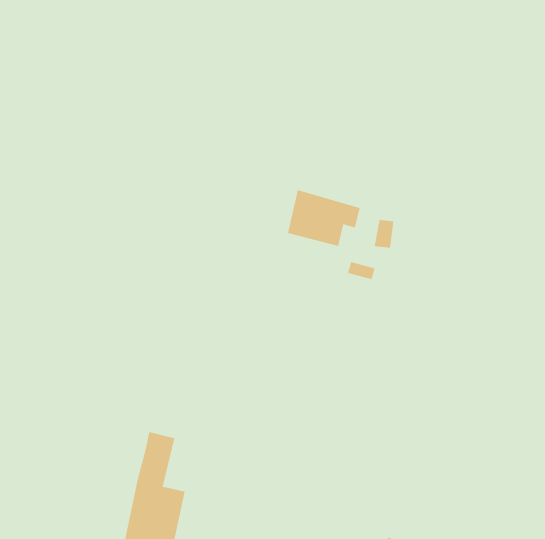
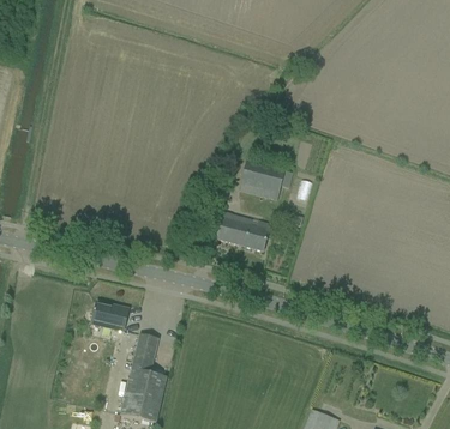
building: none -> [216,209,270,249]
building: none -> [91,302,128,330]

